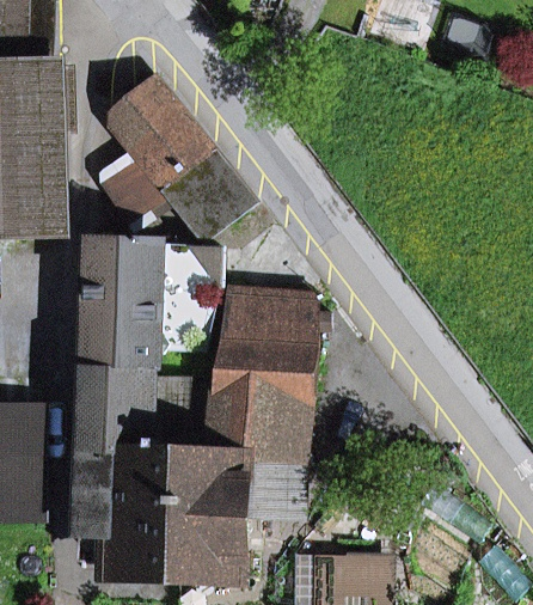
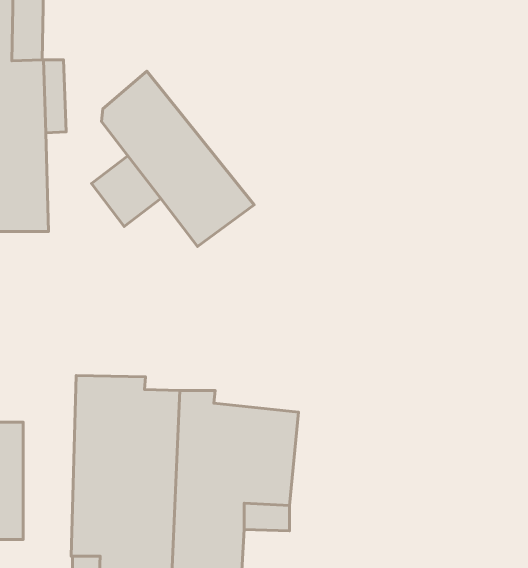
building: [84,239,202,366] -> none
building: [214,289,313,399] -> none

